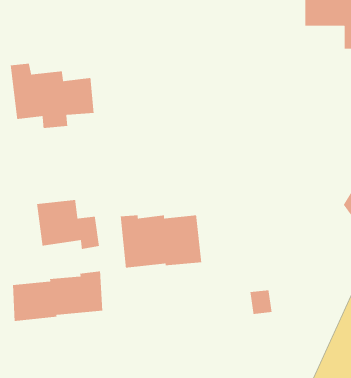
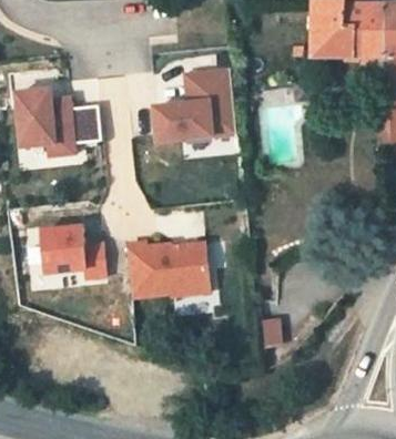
building: none -> [152,70,233,142]
building: [12,271,103,322] -> none

